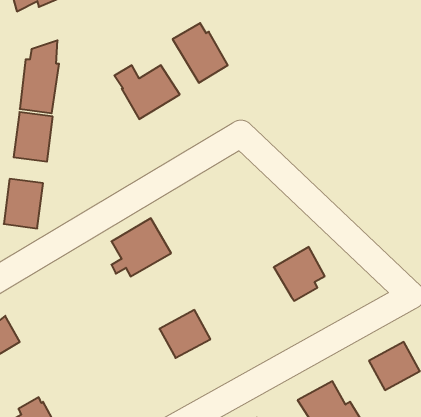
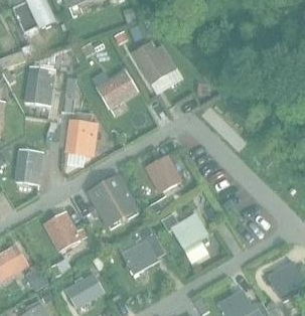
building: [14,112,53,162] -> [65,121,93,155]
building: none -> [146,155,181,190]
building: [274,247,325,301] -> [172,214,207,252]
building: none -> [45,212,87,251]
building: none -> [65,275,104,308]

